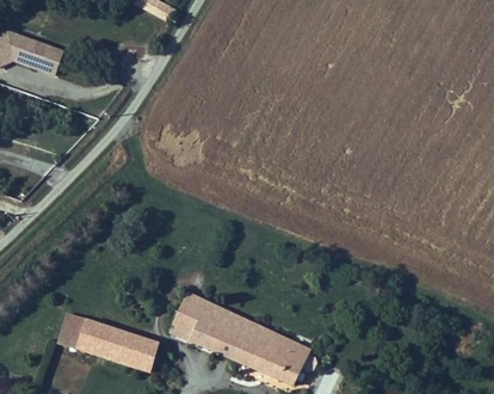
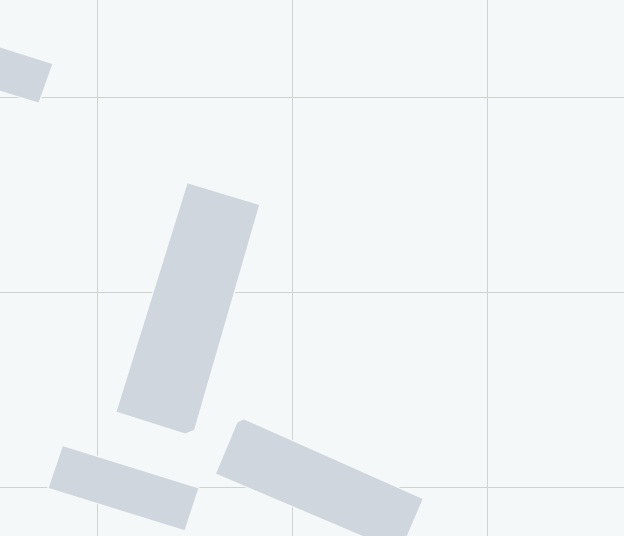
building: none -> [116,183,260,434]

